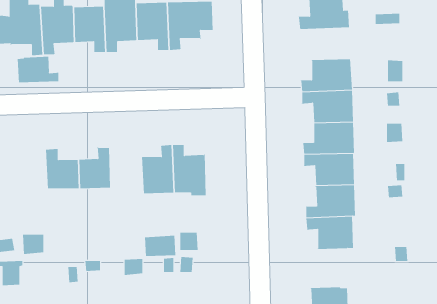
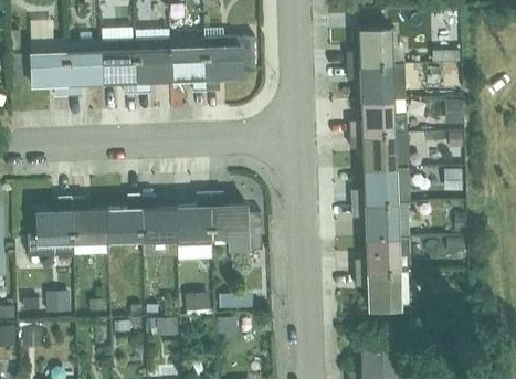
building: none -> [348,65,406,101]
building: [17,56,60,83] -> none
building: none -> [141,194,178,257]
building: none -> [28,198,73,256]

